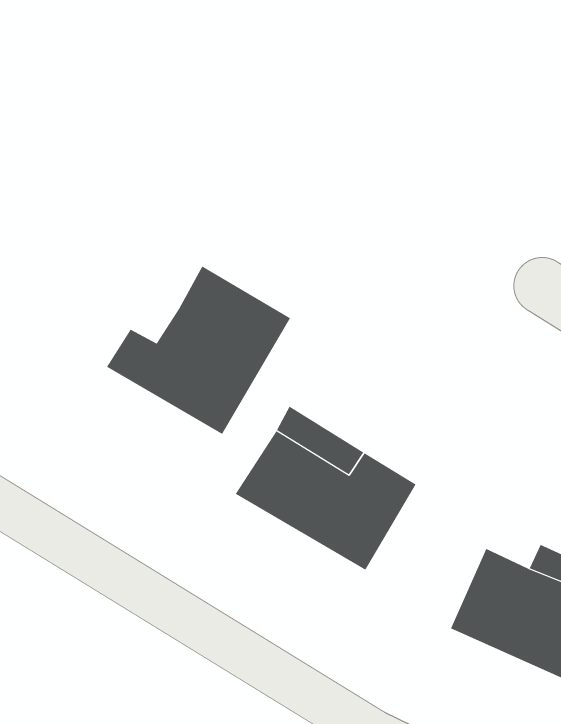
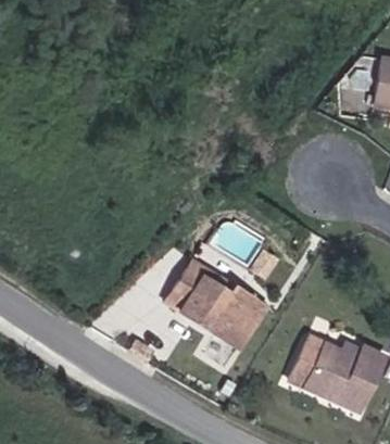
building: [106,265,291,435] -> none

